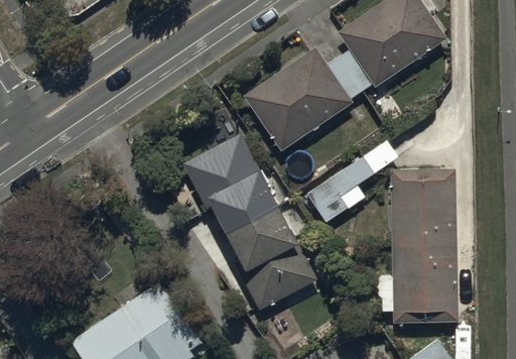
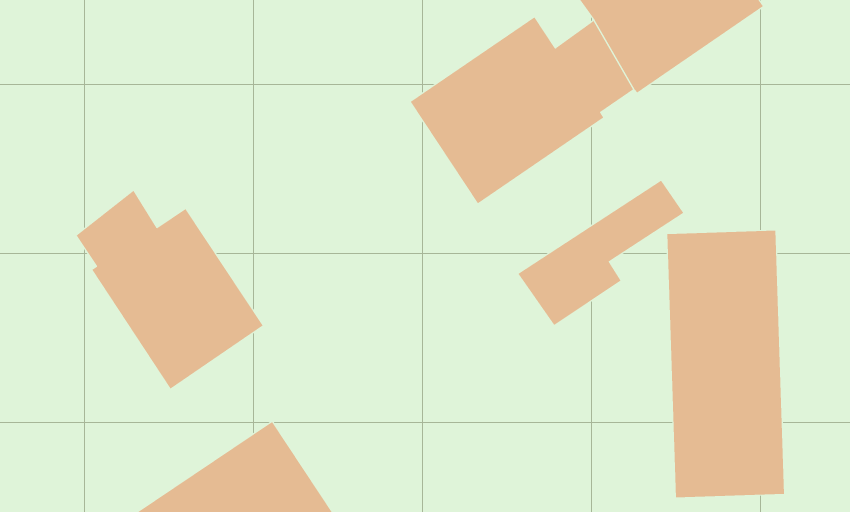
building: [181,133,314,313] -> none
building: none -> [76,190,263,389]

